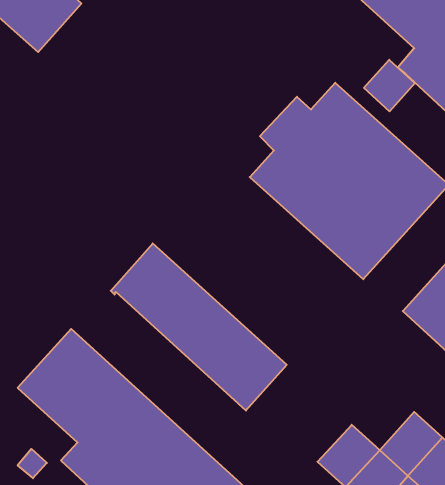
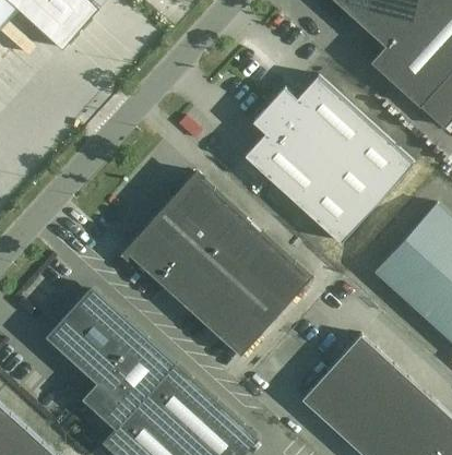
building: [364,60,415,111] -> none
building: none -> [162,173,311,318]
building: none -> [332,336,385,391]

